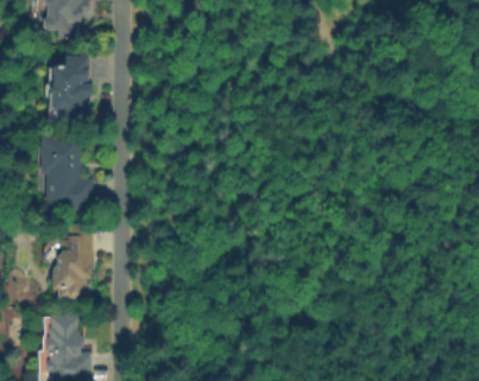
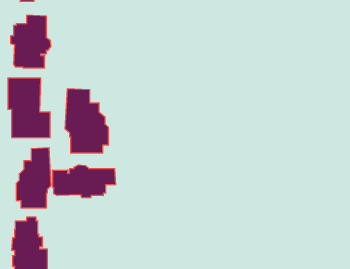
building: none -> [65,89,108,153]
building: none -> [53,165,116,198]

